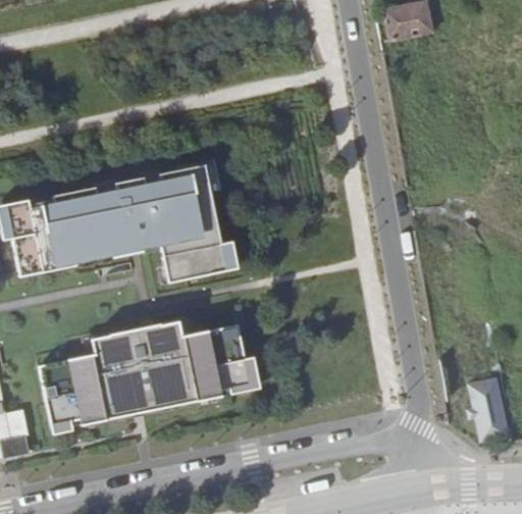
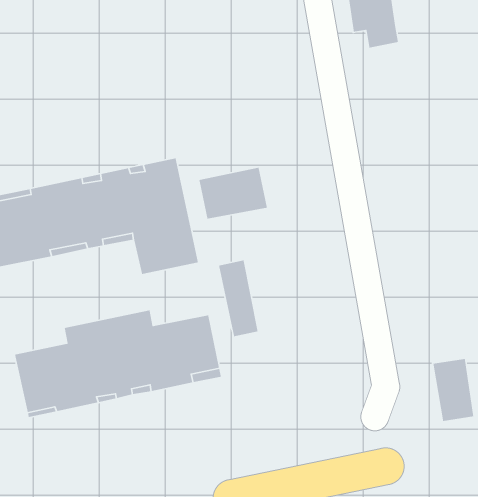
building: none -> [199,167,268,220]
building: none -> [218,260,259,337]

